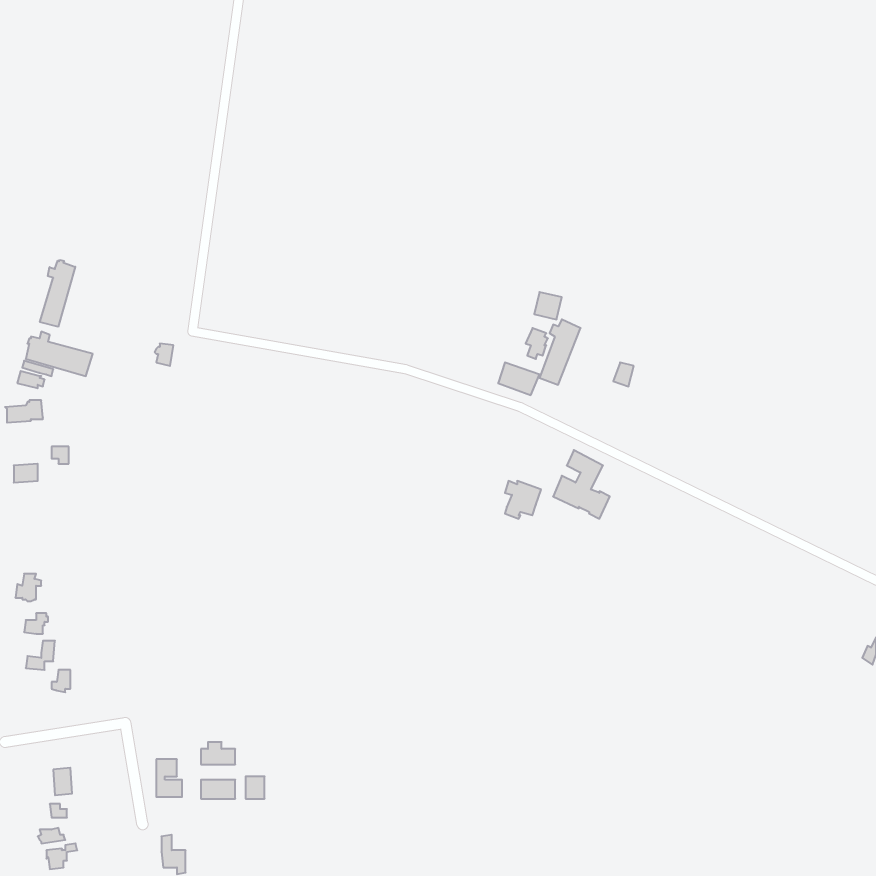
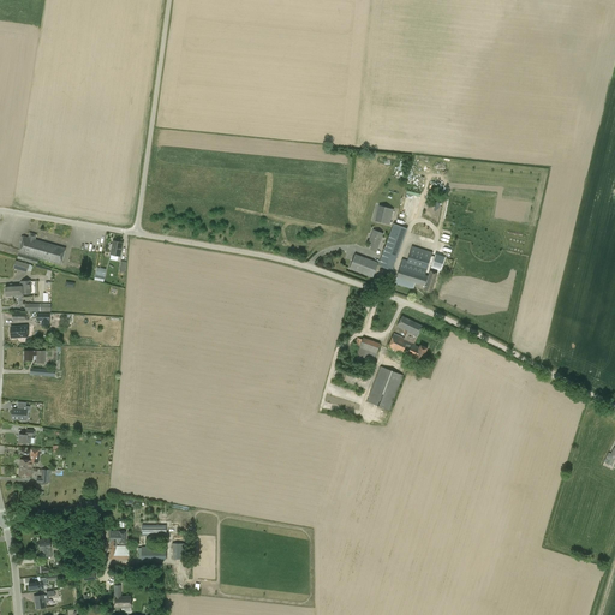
building: [40,260,75,327] -> none
building: none -> [393,245,436,292]
building: none -> [365,365,402,410]

